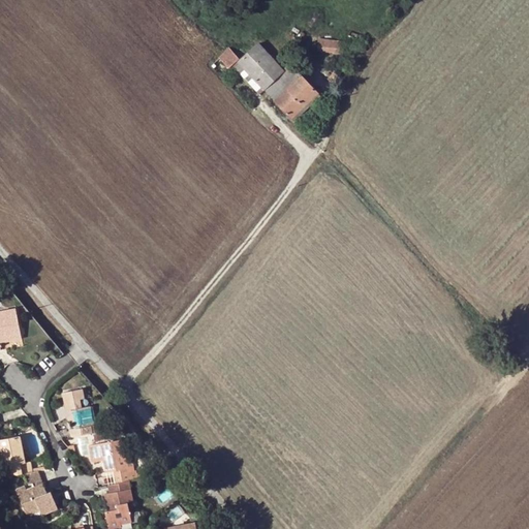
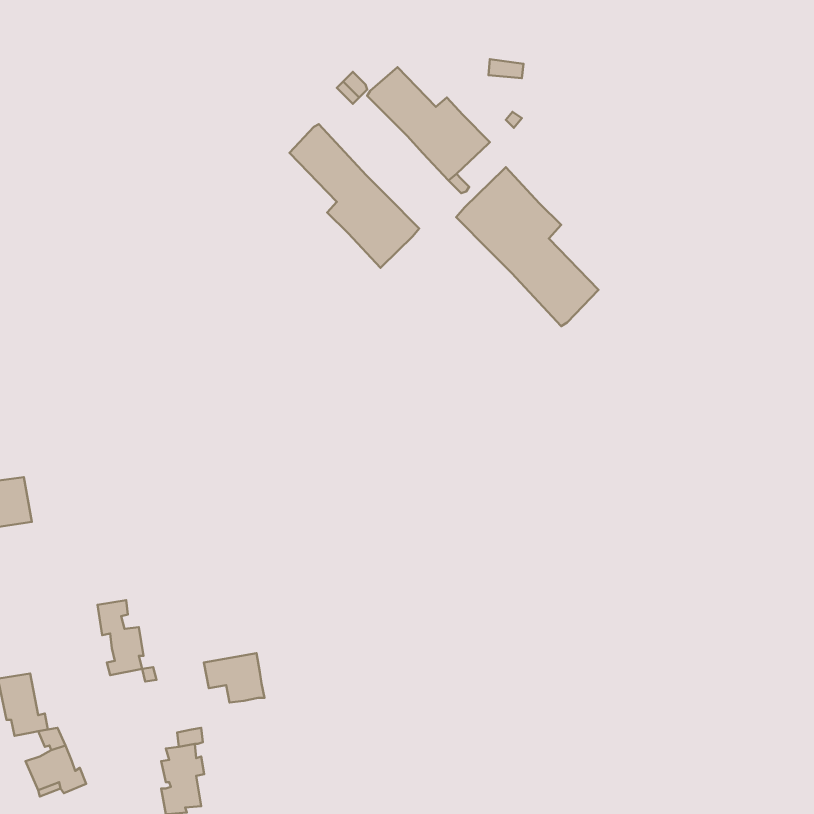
building: none -> [290,124,419,268]
building: none -> [456,167,598,326]
building: [88,439,127,471] -> [204,653,265,703]

